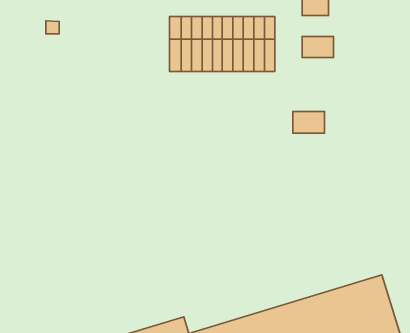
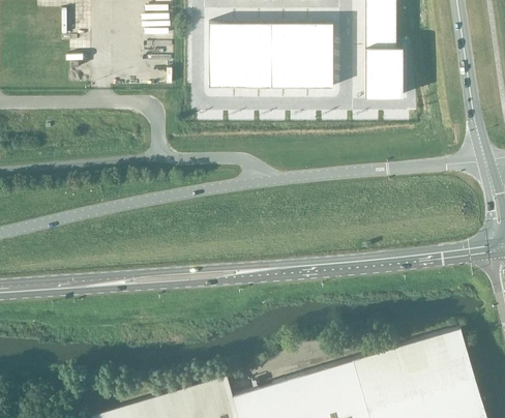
building: none -> [364,21,395,46]
building: [293,111,324,133] -> [364,70,402,96]

